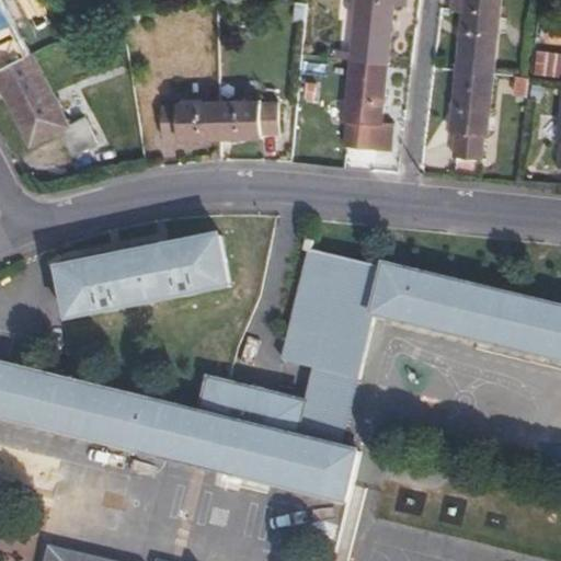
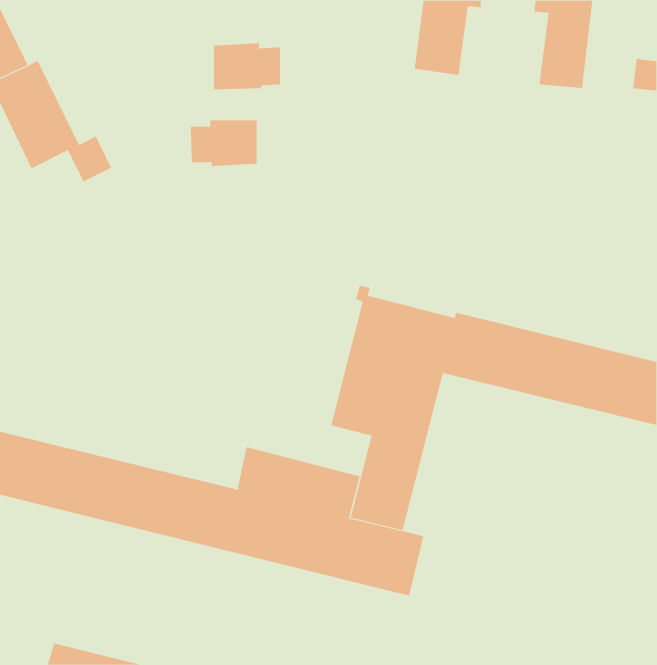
building: [341,58,390,152] -> none
building: [447,71,491,158] -> none
building: [217,99,274,138] -> [213,43,281,90]
building: [58,237,226,319] -> none

